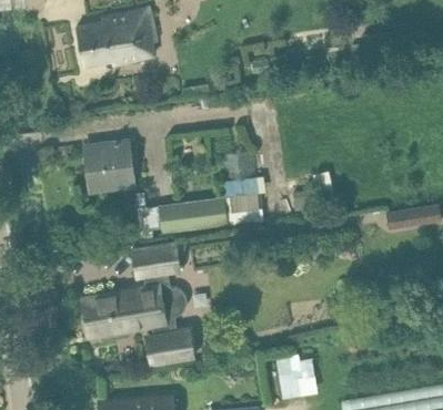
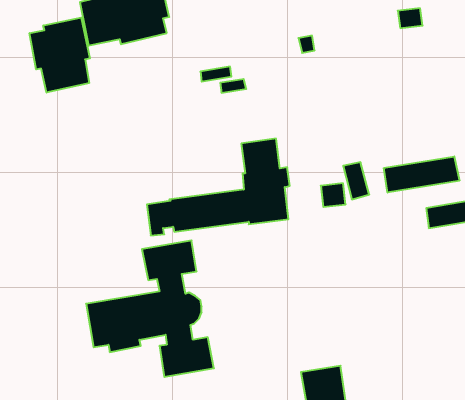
building: none -> [30,18,90,93]
building: [84,141,133,189] -> none
building: none -> [384,156,459,193]

